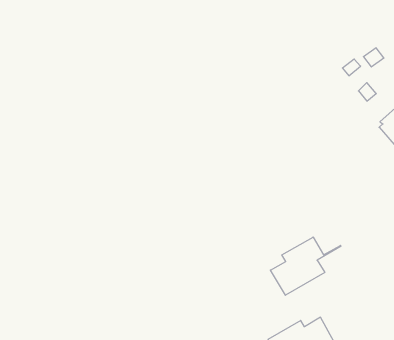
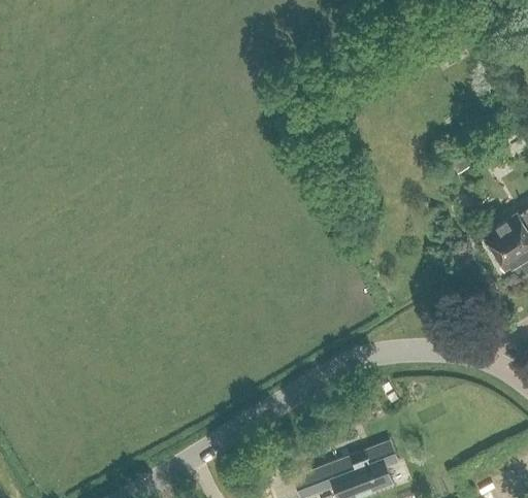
building: [270,237,341,295] -> none

